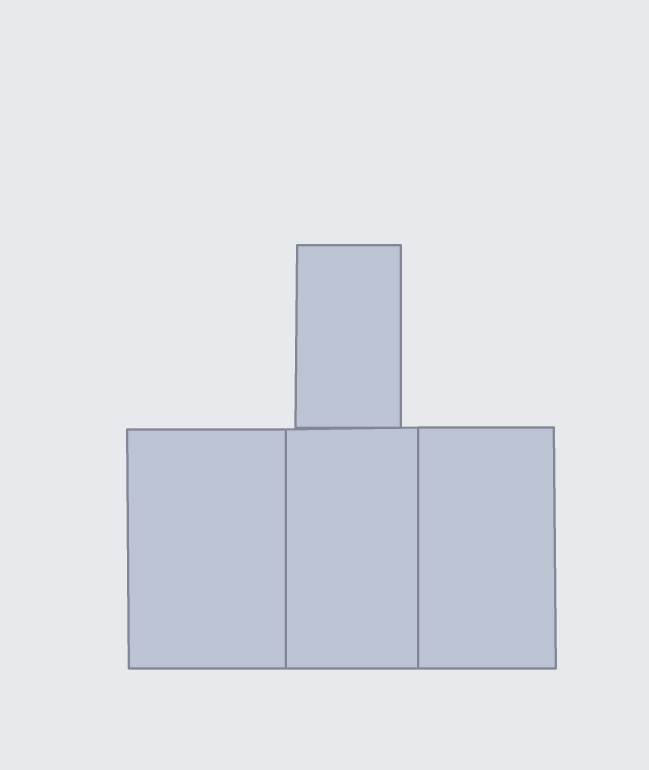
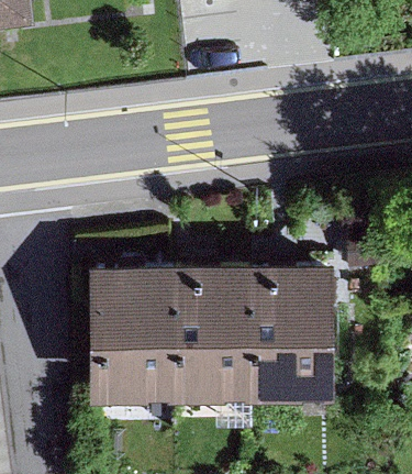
building: [296,245,401,428] -> none

